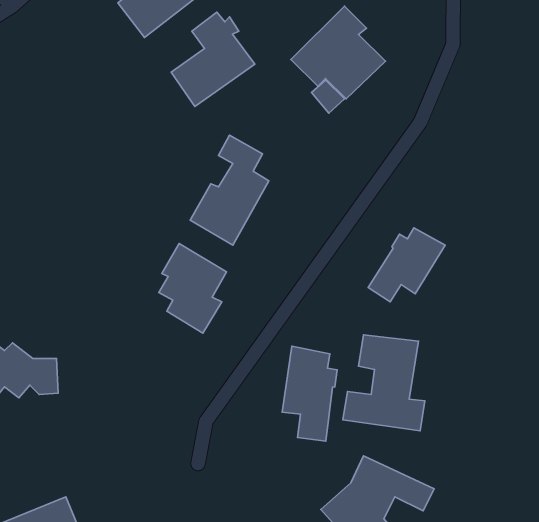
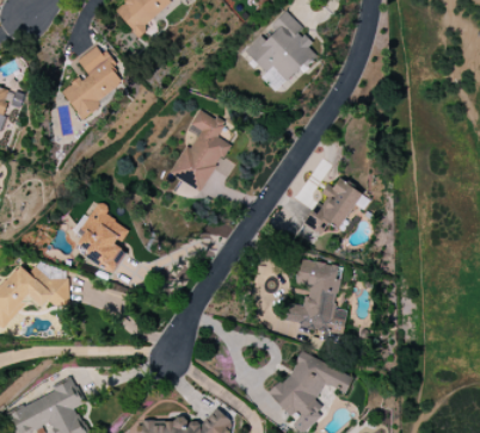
building: [171,12,255,107] -> [61,45,124,117]
building: [159,244,226,333] -> [79,205,130,273]
building: [282,346,337,441] -> none

